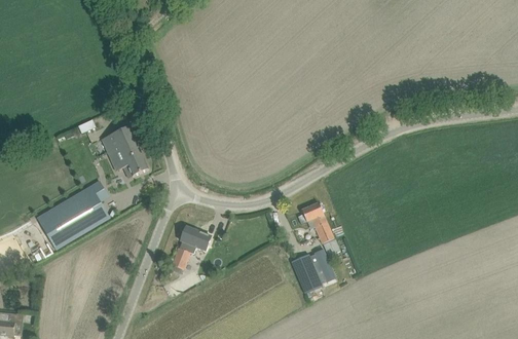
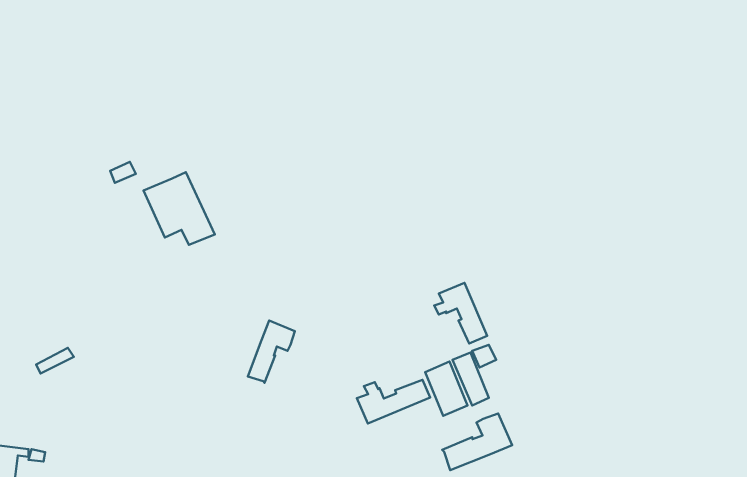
building: [37,187,109,250] -> none
building: none -> [357,380,430,423]
building: none -> [442,414,512,470]

